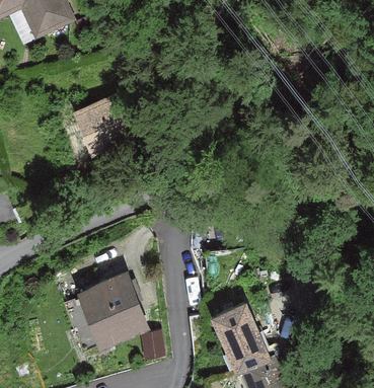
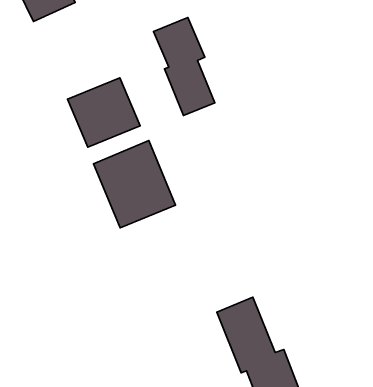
building: none -> [154,18,215,116]
building: [73,267,151,351] -> [93,140,175,228]

